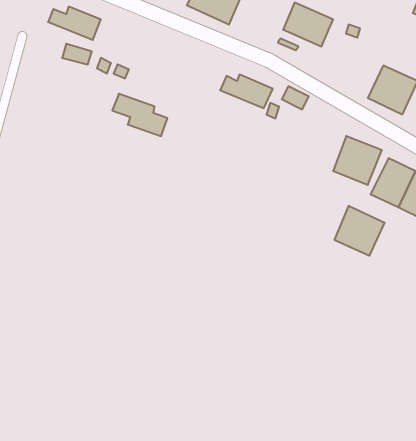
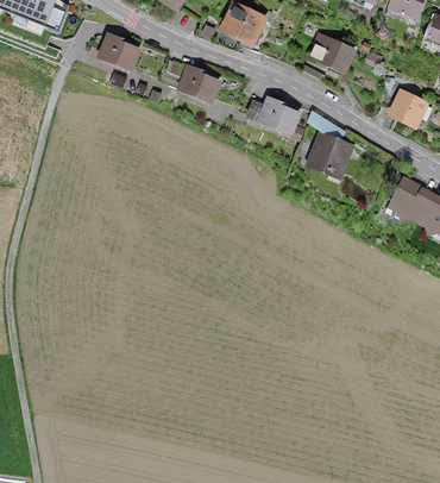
building: [112,94,167,136] -> [164,58,215,98]
building: [333,136,382,185] -> [307,132,352,177]
building: [335,206,385,256] -> none

